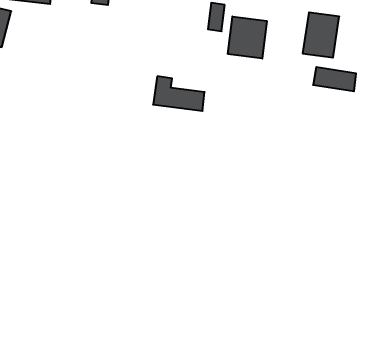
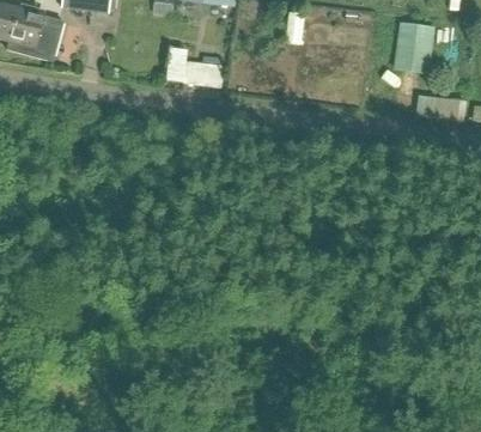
building: [228,16,267,59] -> none
building: [153,76,205,111] -> [166,47,225,86]

